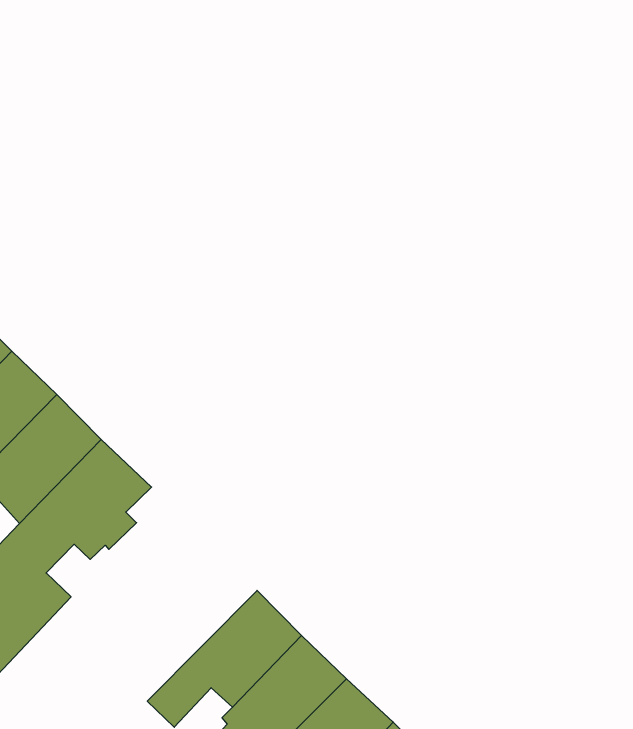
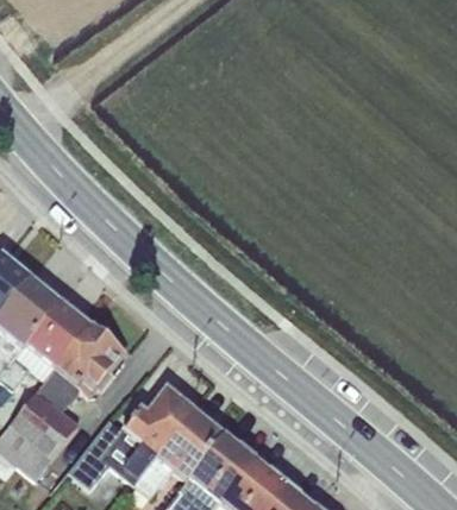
building: none -> [68,386,194,486]

